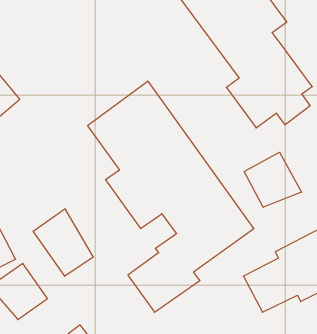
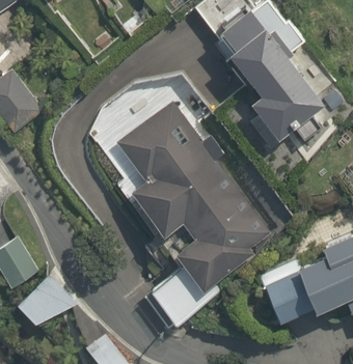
building: [244,152,302,207] -> none
building: [33,209,93,276] -> none

